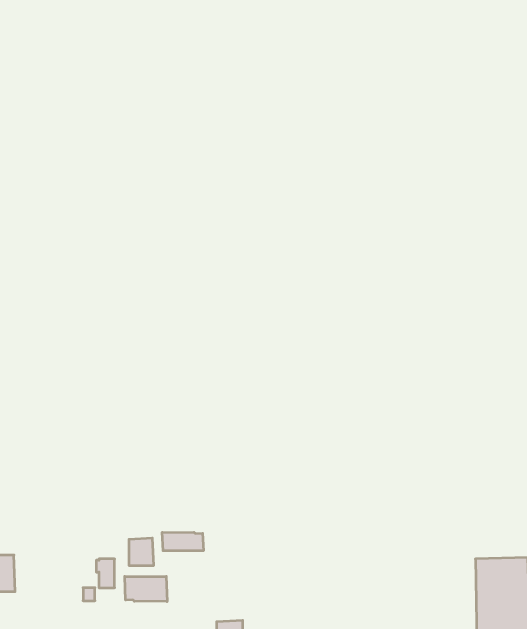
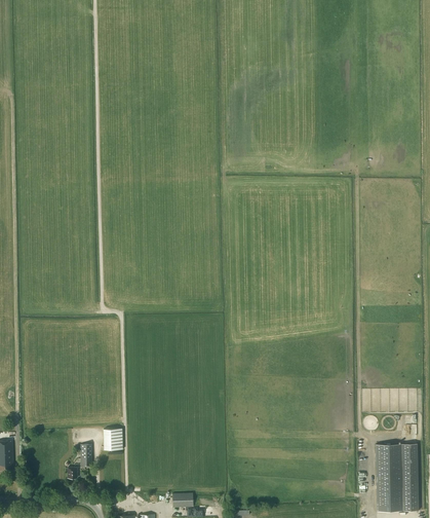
building: [162,532,203,551] -> none
building: [125,576,167,602] -> none

